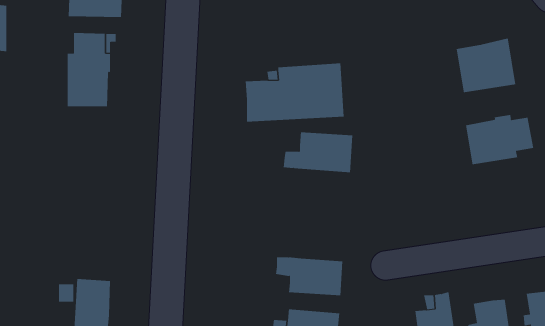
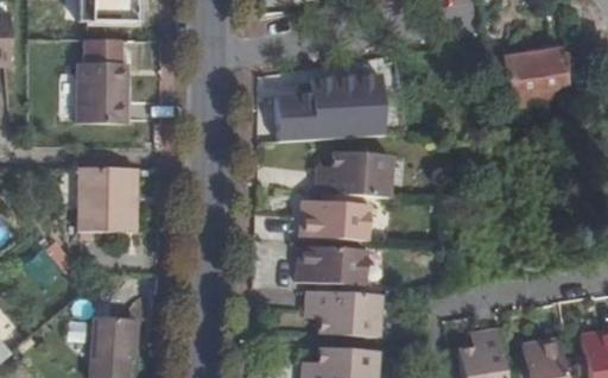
building: [465,114,534,165] -> none
building: none -> [82,165,131,229]
building: none -> [303,189,376,237]
building: none -> [300,242,372,288]

